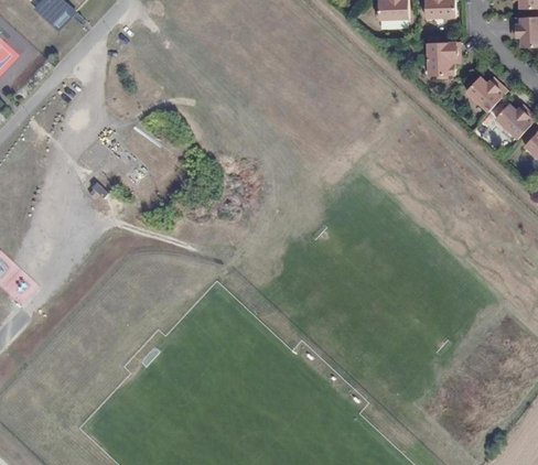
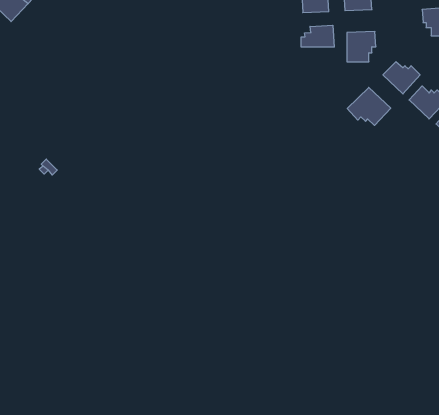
building: none -> [301,25,334,47]
building: none -> [347,87,391,125]

